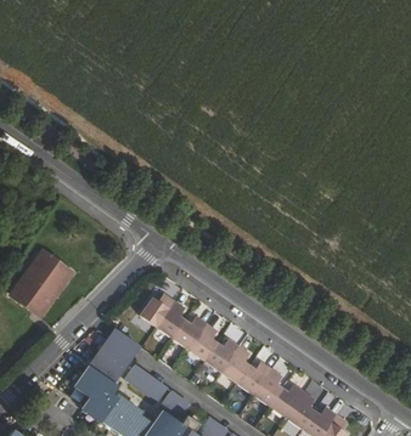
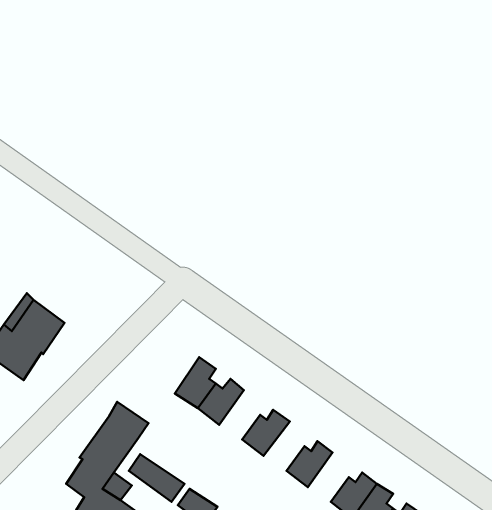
building: [137,289,173,323] -> none
building: [187,321,218,357] -> none
building: [220,344,250,380] -> none
building: [253,367,283,403] -> none

